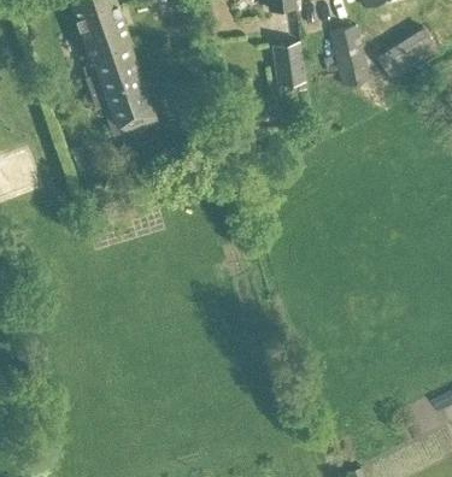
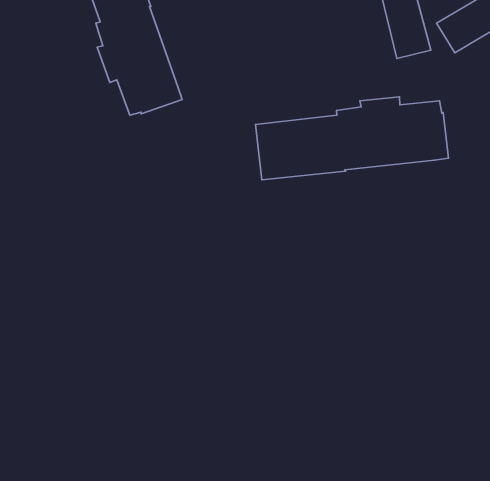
building: [270,45,304,87] -> none
building: none -> [255,97,448,180]

